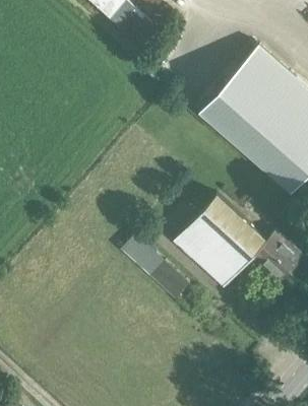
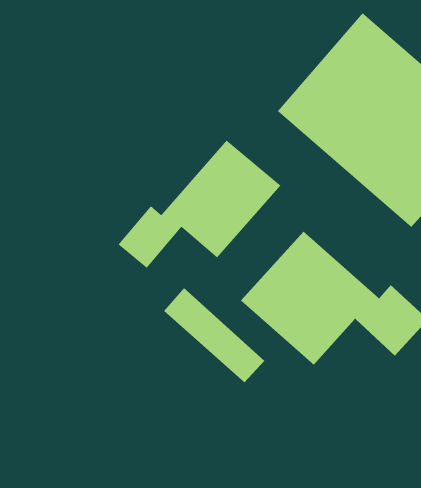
building: none -> [118,139,281,269]

